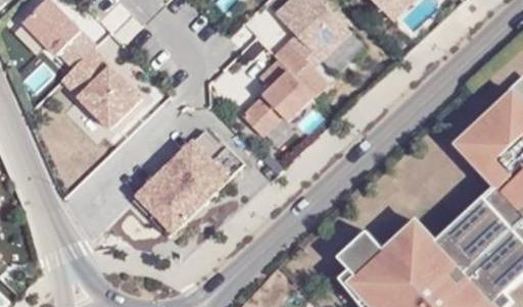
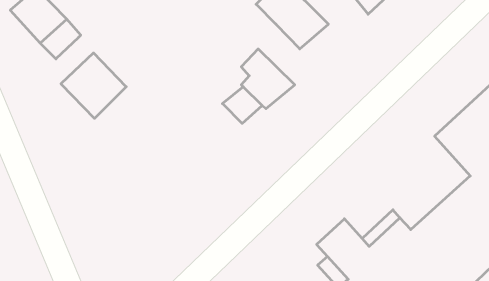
building: [272,32,329,95] -> none
building: [59,45,107,93] -> none
building: [133,138,231,234] -> none

